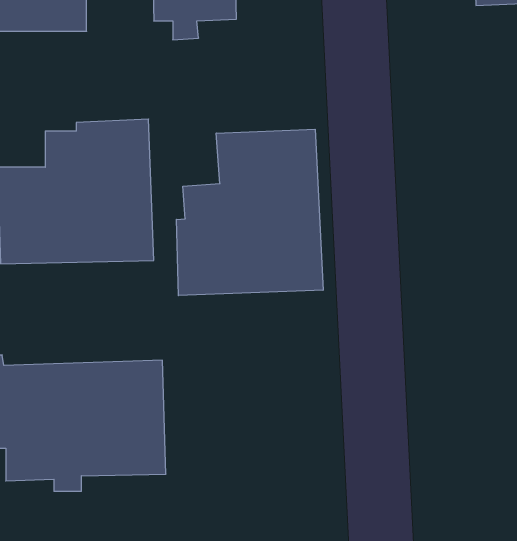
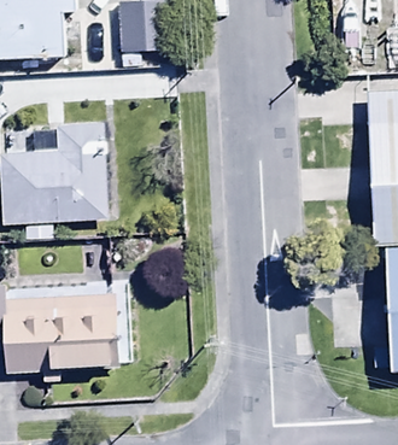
building: [176,129,323,296] -> none

